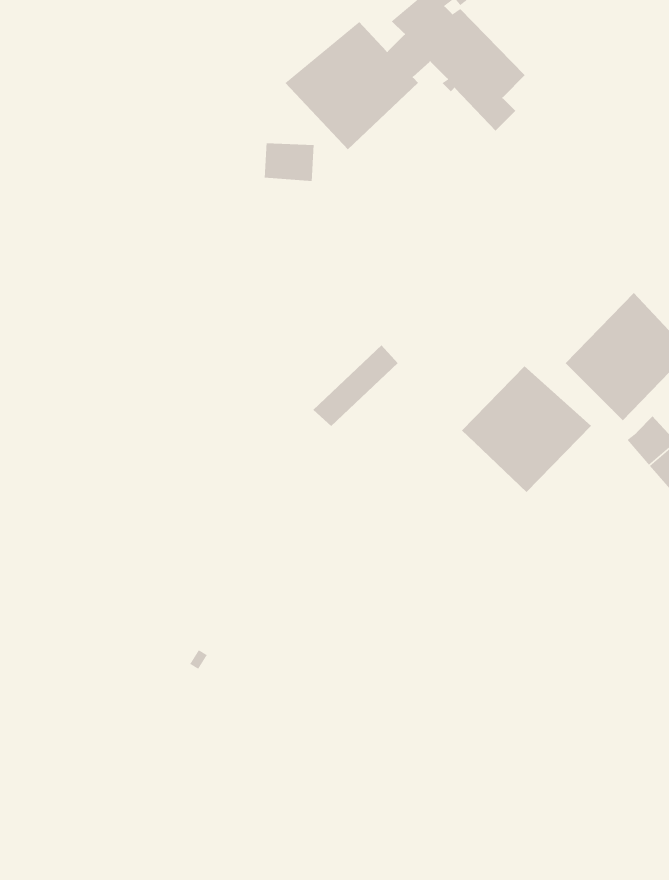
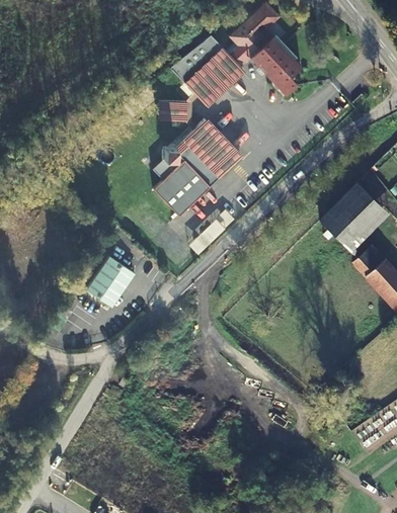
building: none -> [149,120,238,217]
building: [461,365,592,493] -> none
building: none -> [84,257,133,309]

